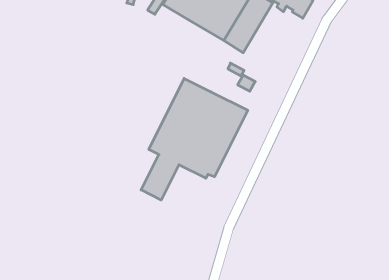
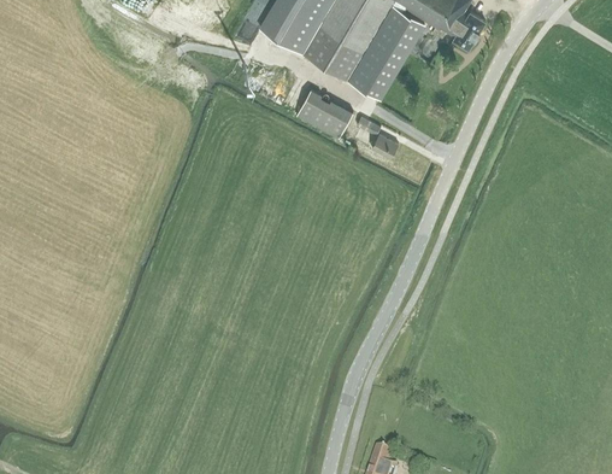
building: none -> [298,88,354,137]
building: [141,78,248,200] -> none

